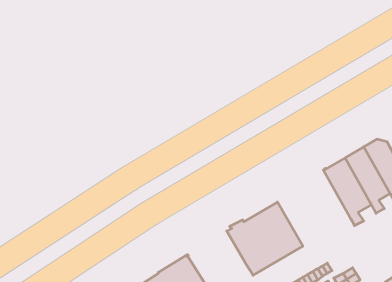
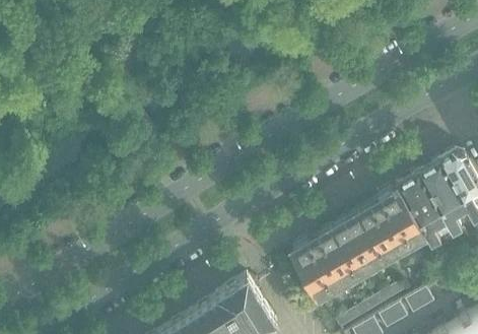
building: none -> [344,187,423,269]

